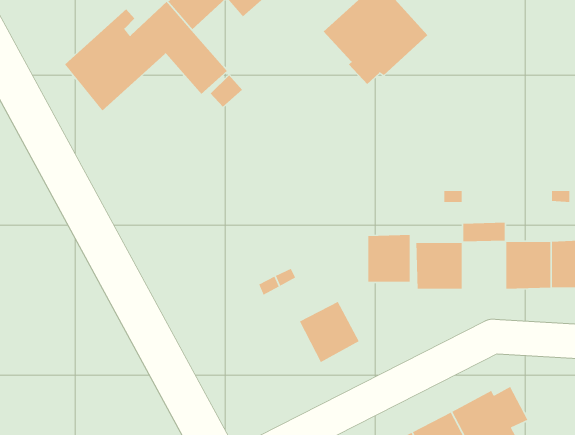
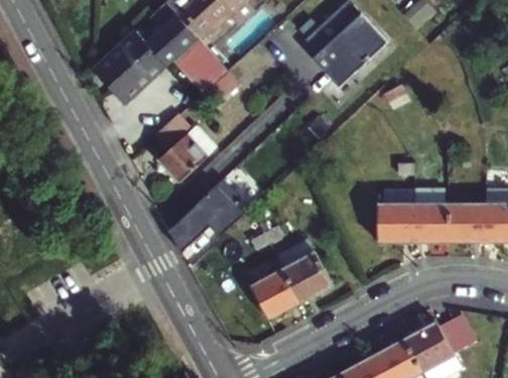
building: none -> [156,113,215,181]
building: none -> [168,177,245,251]
building: [367,234,411,282] -> [413,204,448,242]
building: none -> [250,267,300,318]

